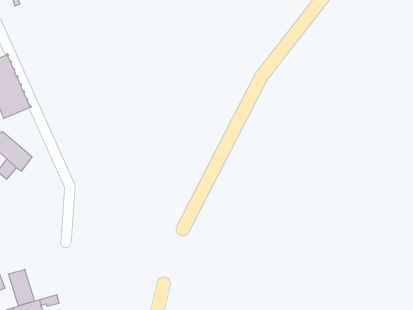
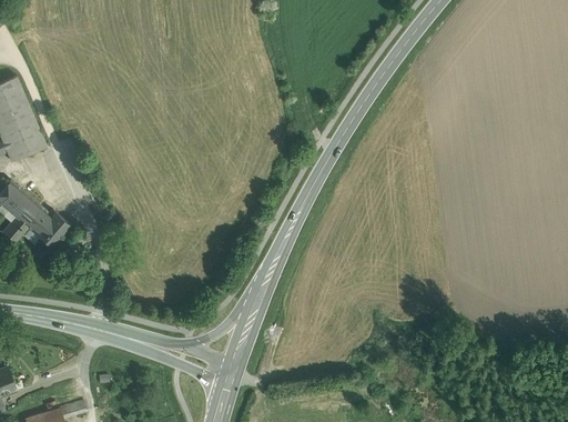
building: none -> [36,211,72,249]
building: [8,269,34,306] -> none

